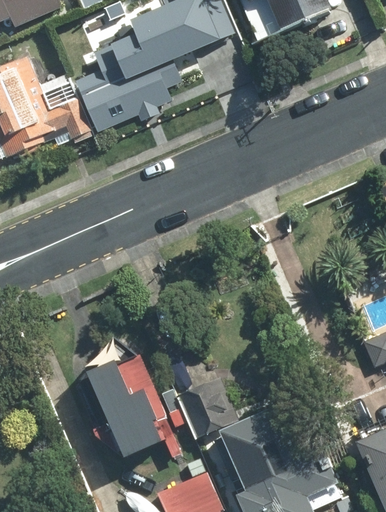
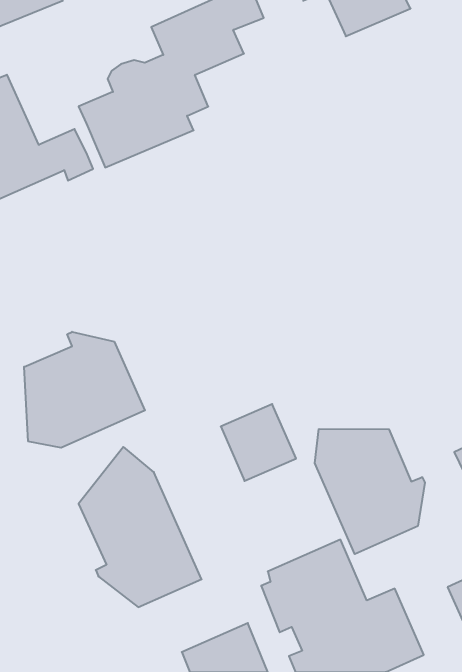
building: none -> [24,332,145,448]
building: none -> [315,429,425,554]
building: [180,379,237,437] -> [221,404,296,481]

